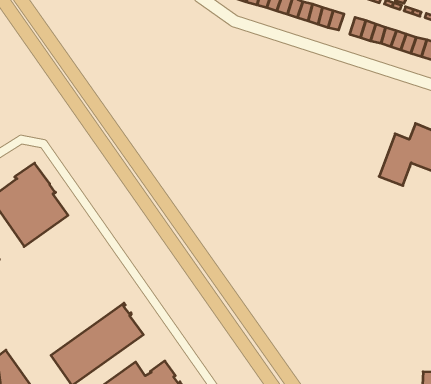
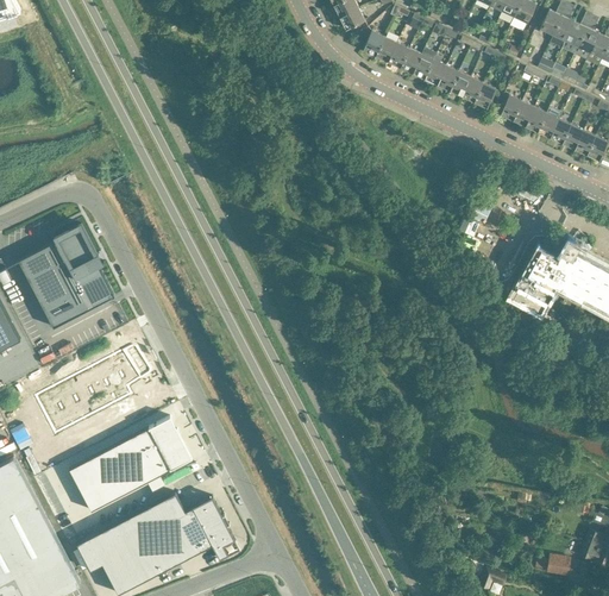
building: none -> [34,345,150,434]

